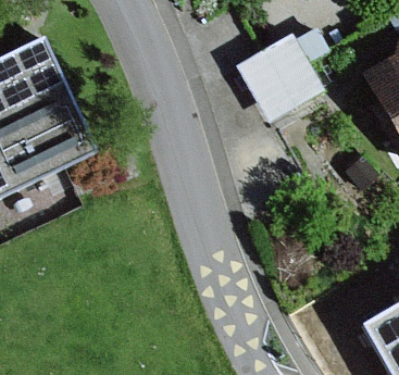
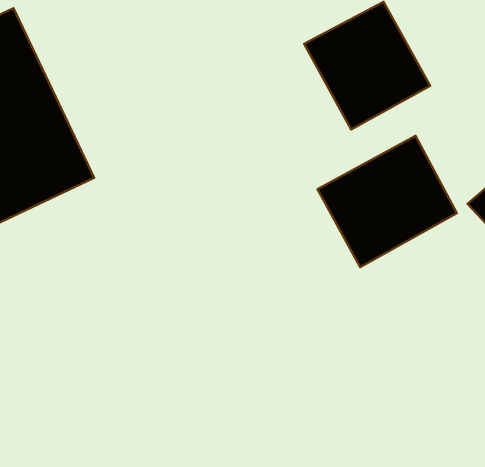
building: none -> [317,136,457,267]

